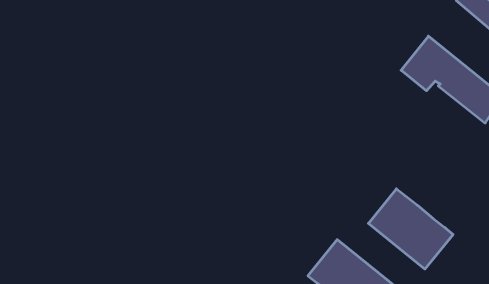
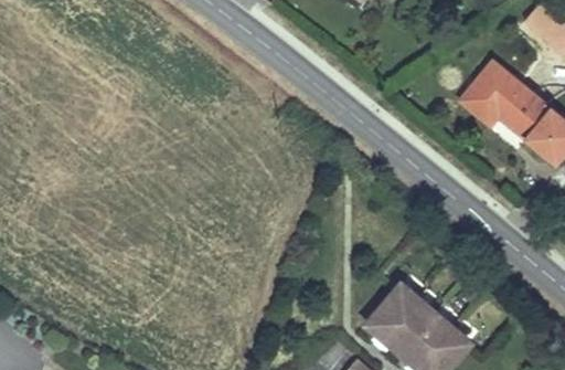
building: [368,189,453,269] -> none

